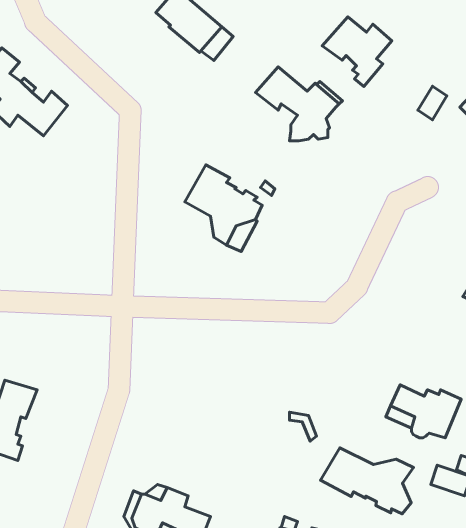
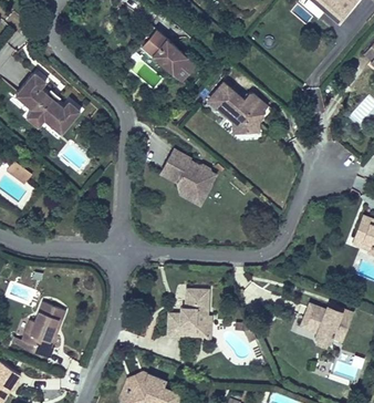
building: [322,17,392,86] -> none
building: none -> [167,287,210,335]
building: [321,448,414,514] -> none

